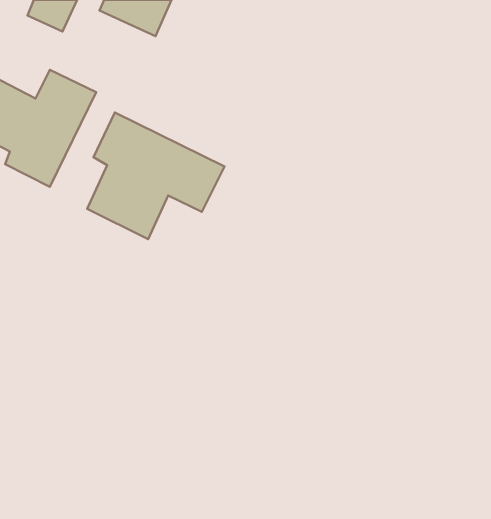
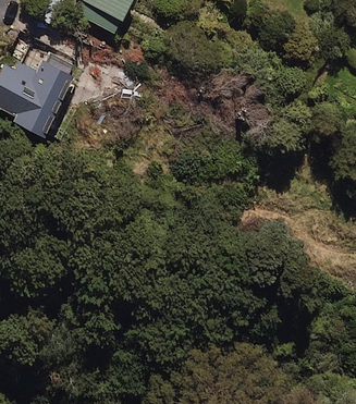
building: [87,113,225,239] -> none

